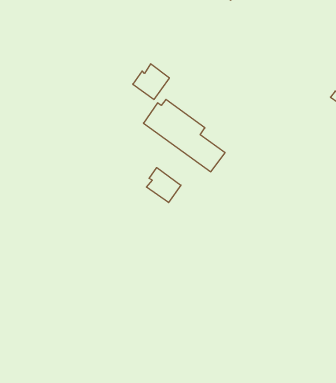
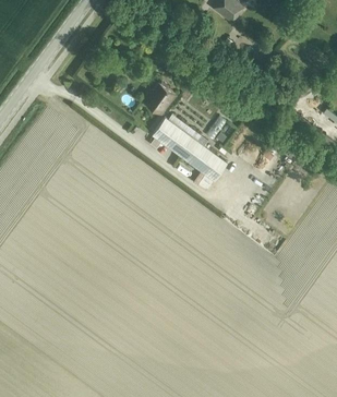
building: [146,168,181,203] -> none

